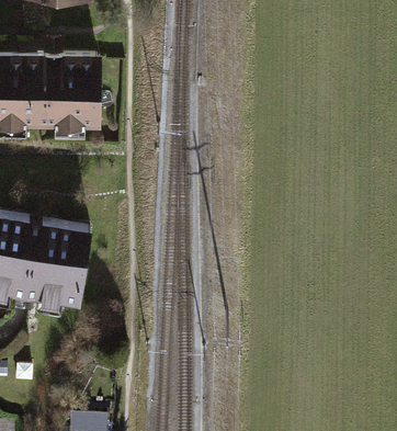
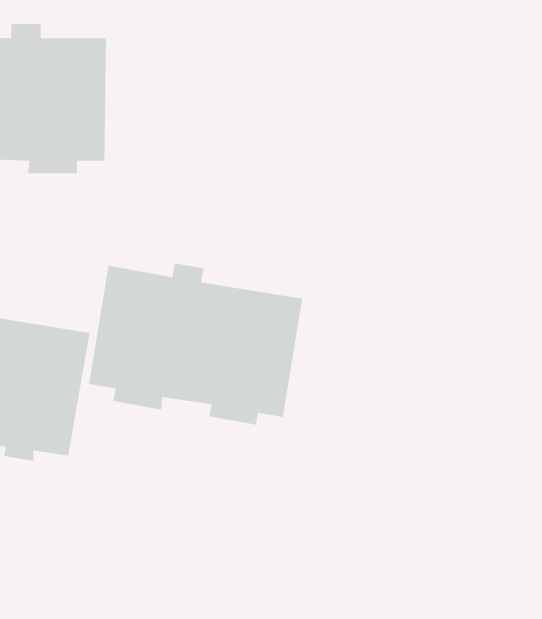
building: none -> [88,262,303,426]

